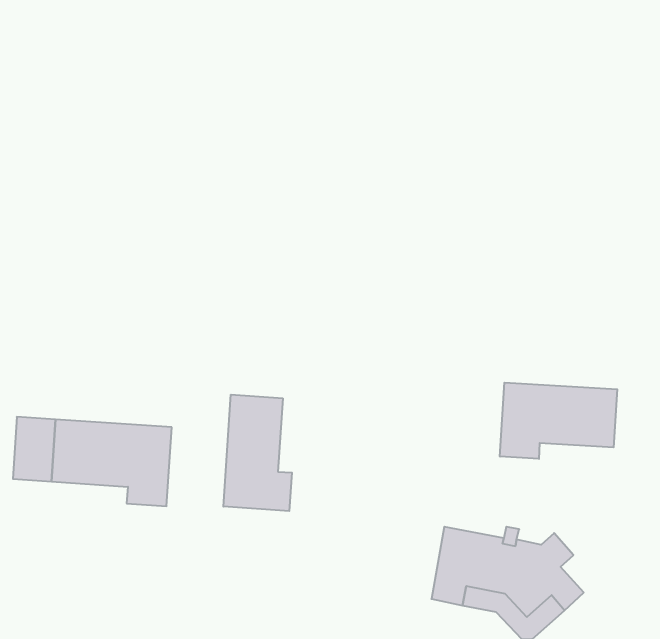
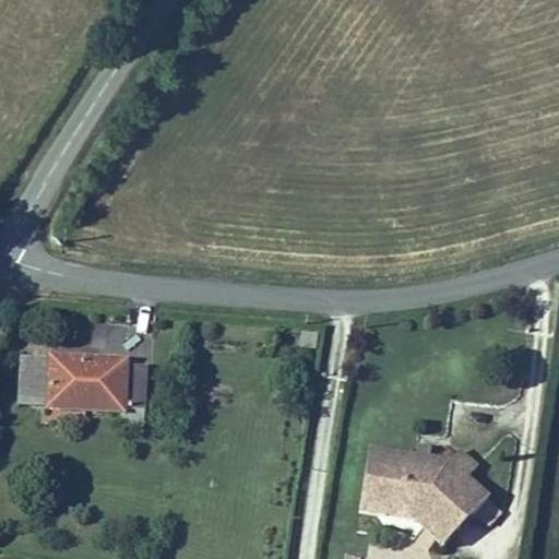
building: [500,383,617,459] -> none
building: [223,395,292,511] -> none

